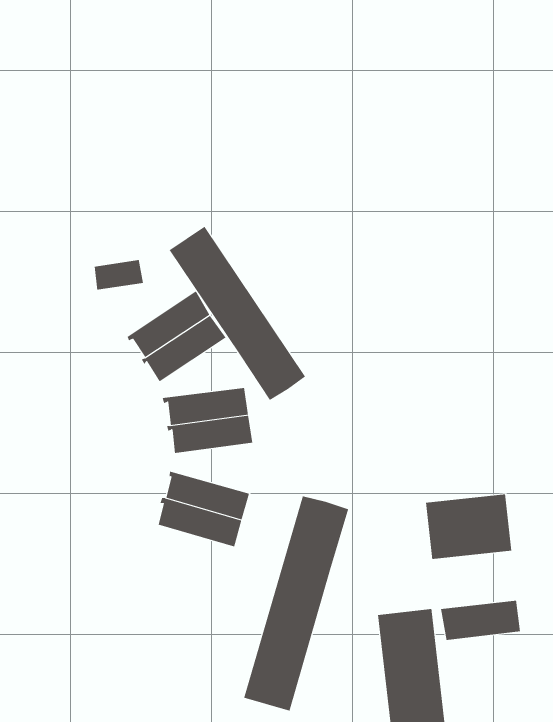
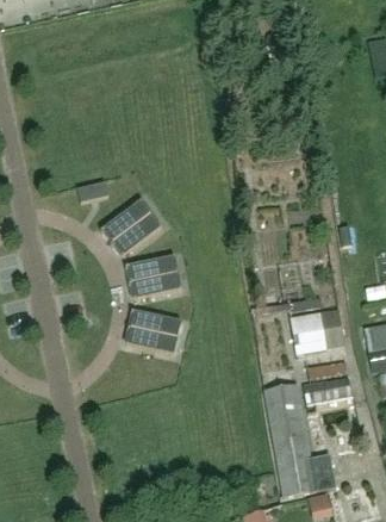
building: [169,226,306,401] -> none
building: [243,495,349,711] -> none

